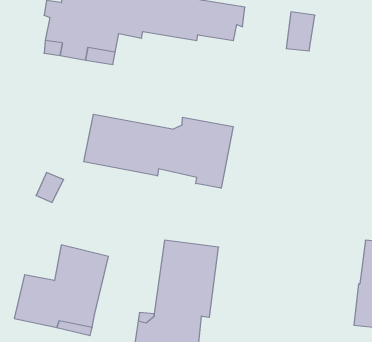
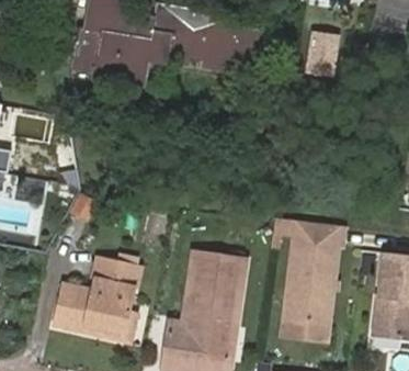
building: [84,114,233,188] -> none
building: none -> [273,220,343,327]

